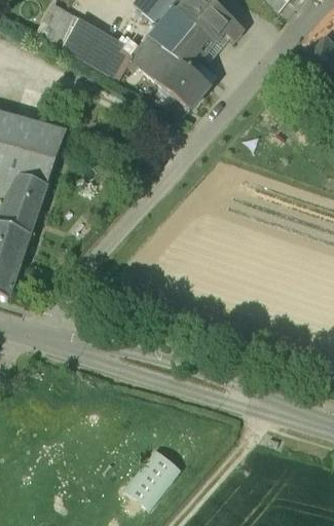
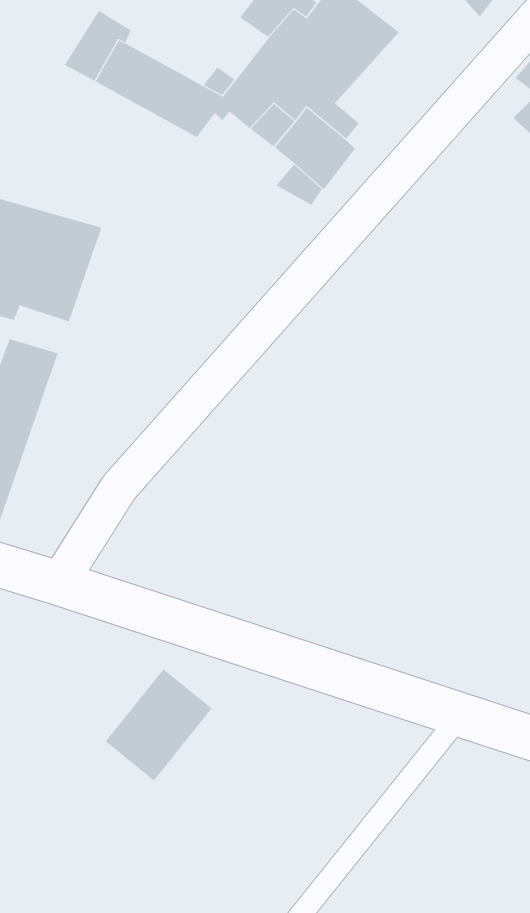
building: [14,174,48,200] -> none
building: [123,444,184,508] -> [105,668,212,781]

